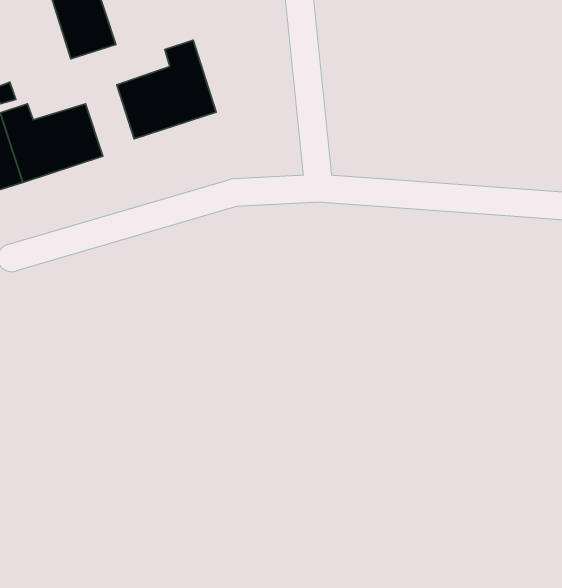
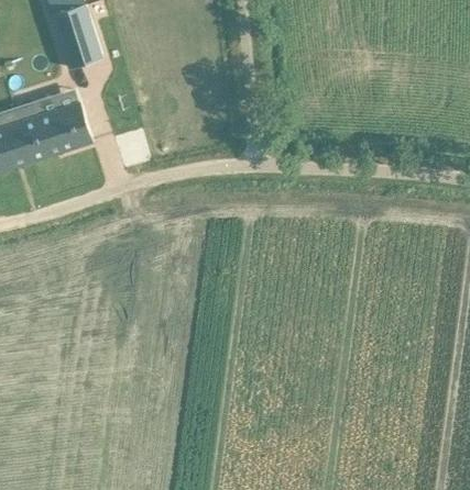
building: [117,40,216,139] -> none

